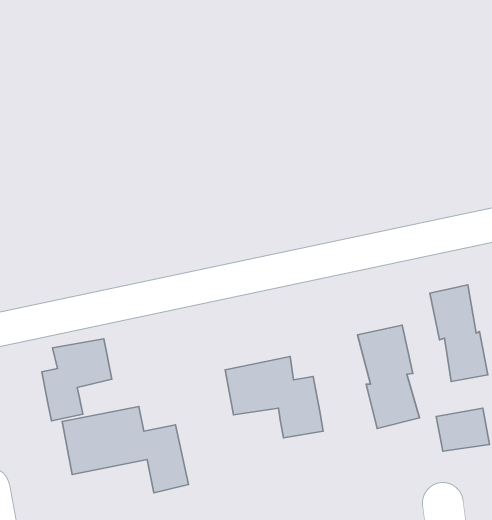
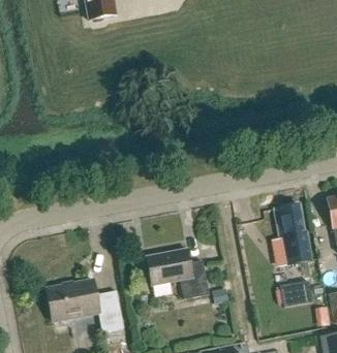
building: [357,325,419,428] -> none
building: [42,339,112,421] -> none

